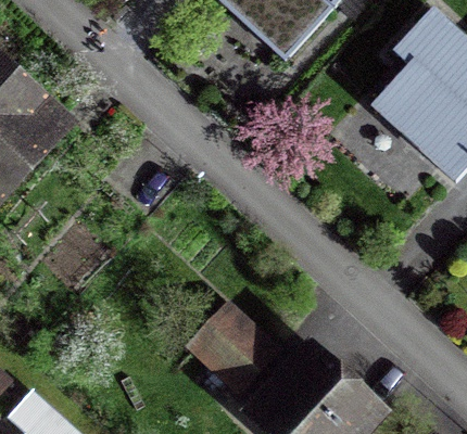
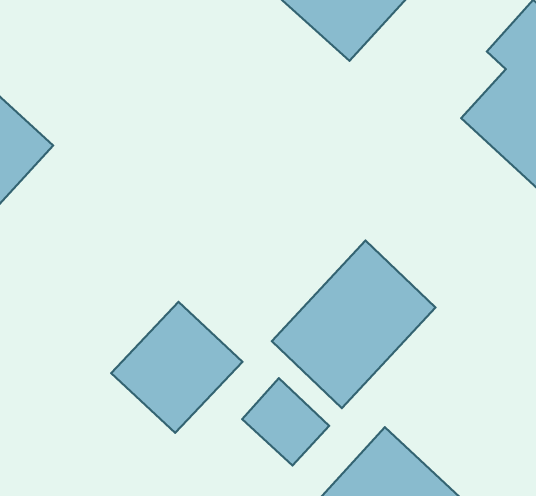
building: none -> [272,241,435,408]
building: none -> [111,302,242,433]

